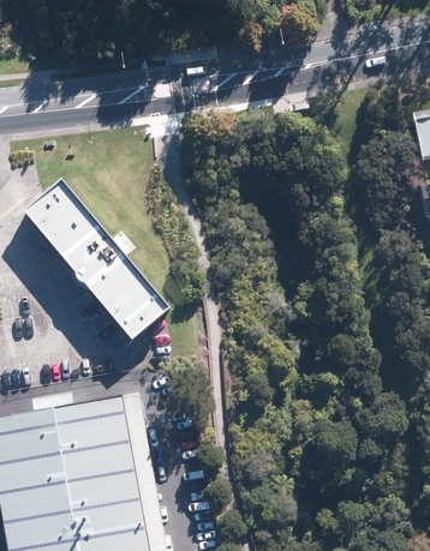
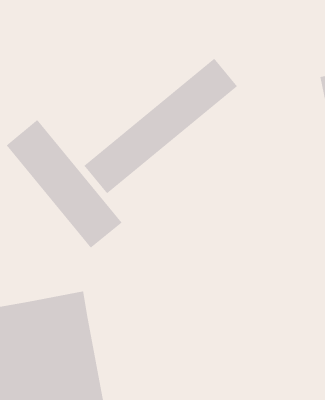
building: none -> [83,58,238,194]

